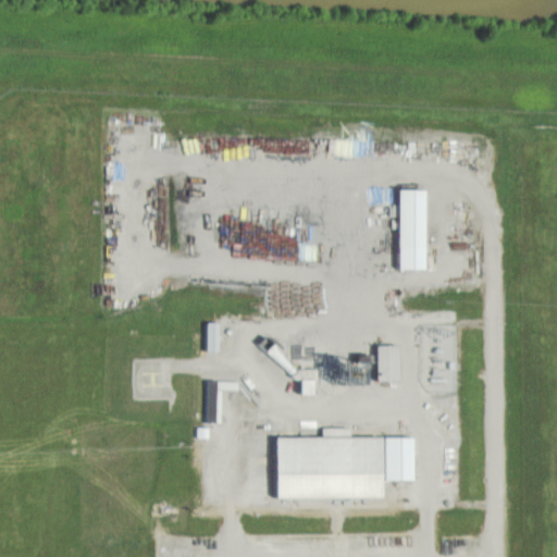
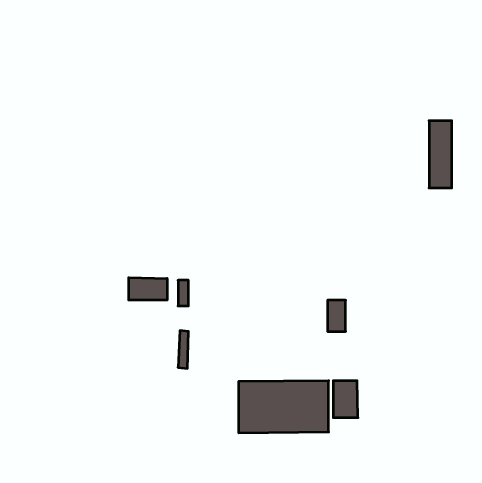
building: [399,191,425,269] -> [429,121,452,188]
building: none -> [129,278,167,300]

